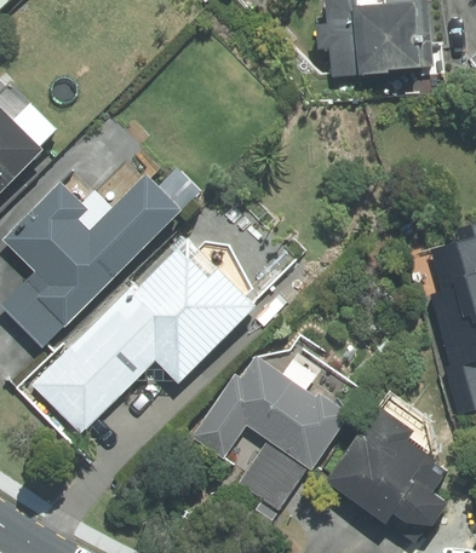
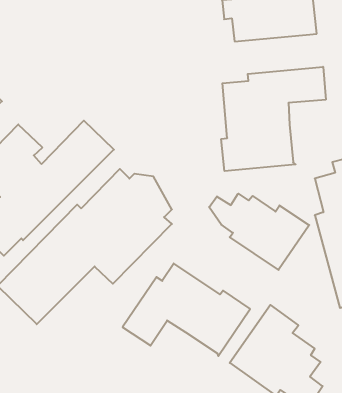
building: none -> [221,67,326,171]
building: none -> [209,194,309,270]
building: [240,442,309,509] -> none

